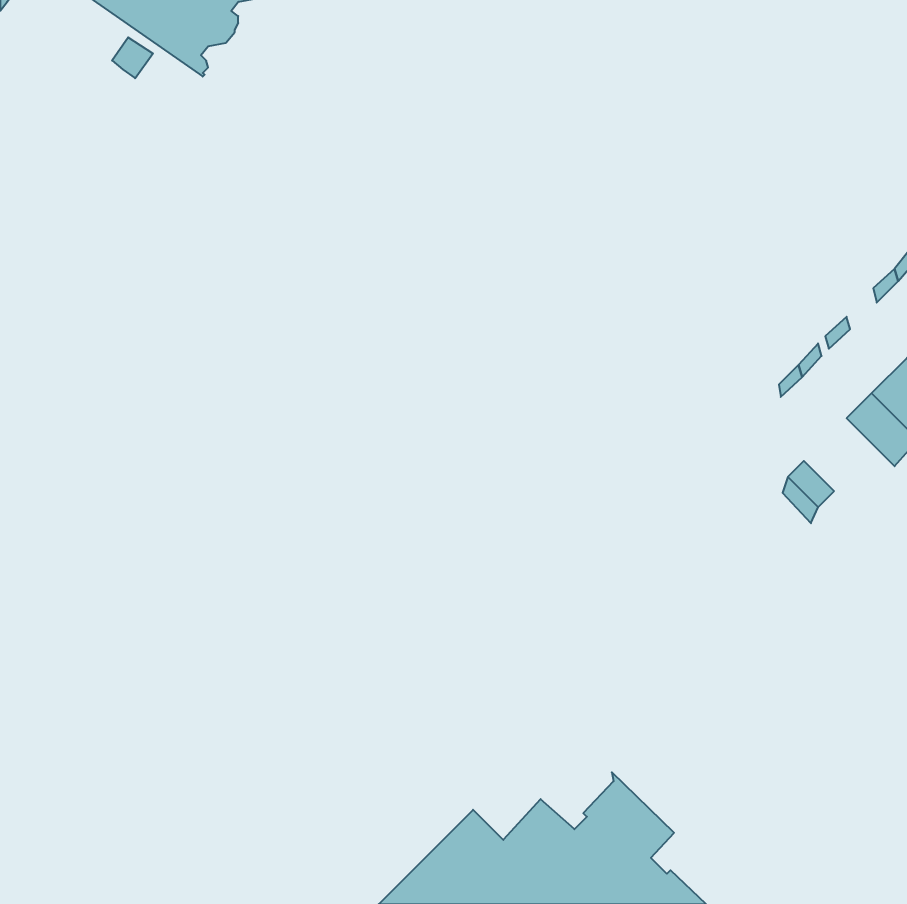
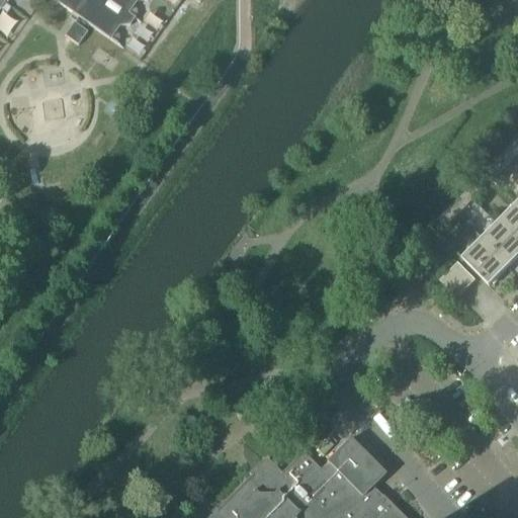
building: none -> [462,238,510,285]

